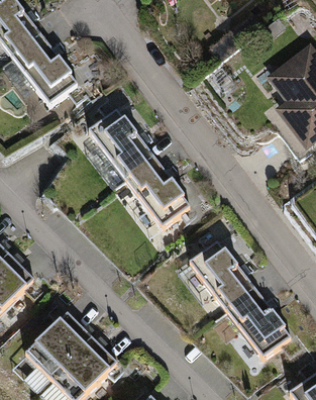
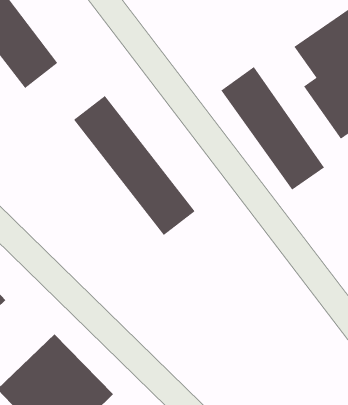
building: none -> [221,66,325,191]
building: [188,240,290,358] -> none

